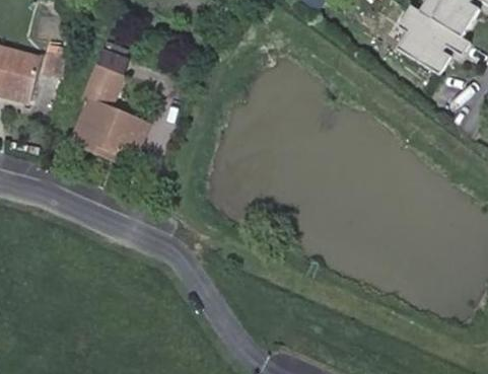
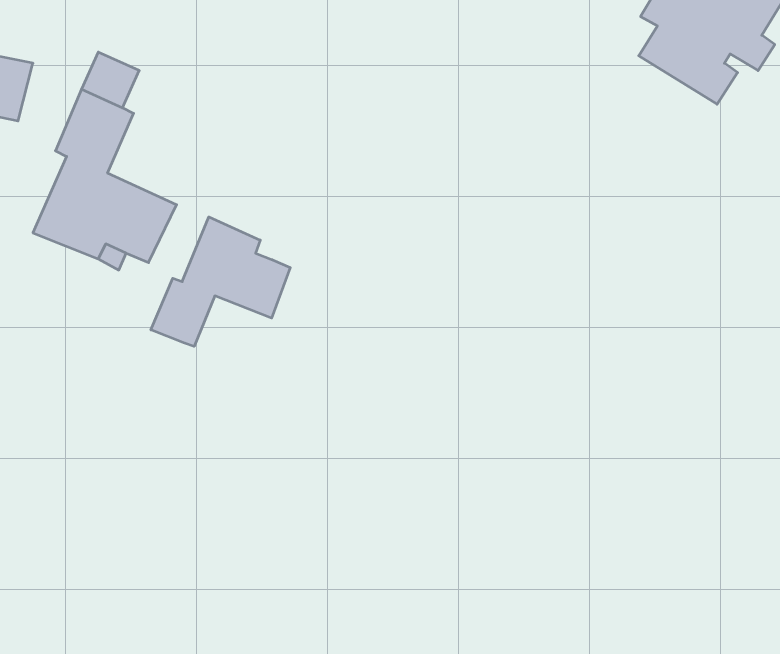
building: none -> [151,217,290,346]

